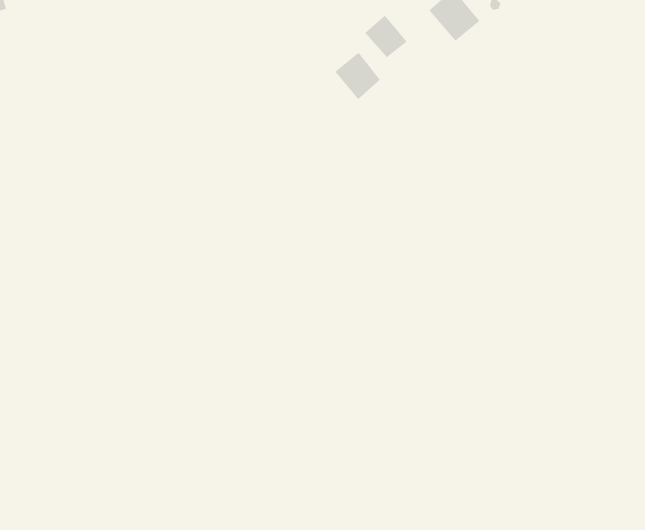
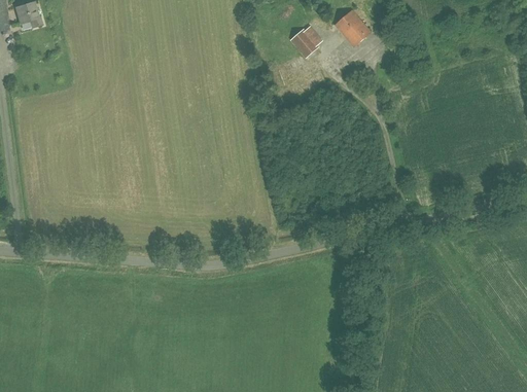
building: [334,52,381,100] -> none

